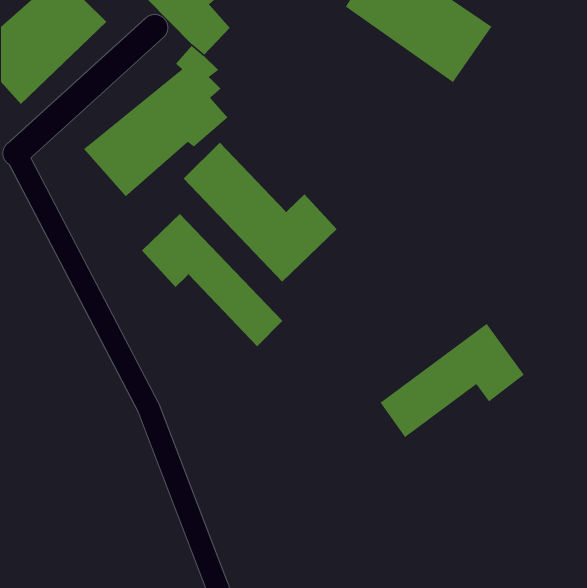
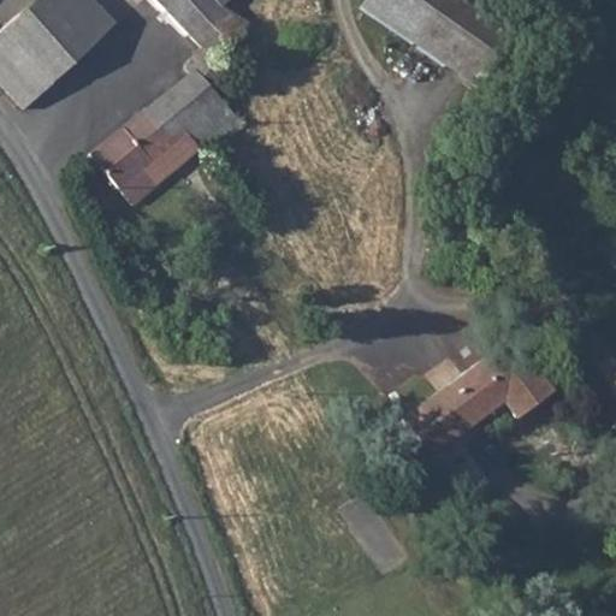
building: [183,142,337,282] -> none
building: [141,213,283,347] -> none

